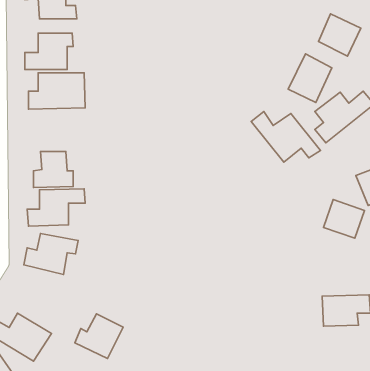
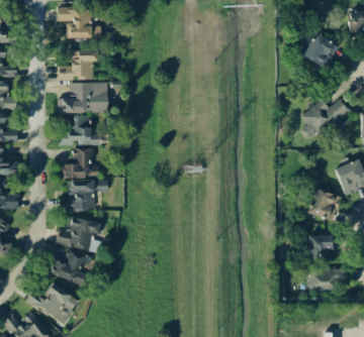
building: [288,54,332,102] -> none
building: [251,111,320,162] -> none
building: none -> [58,115,100,145]
building: none -> [308,235,334,261]
building: [75,314,123,359] -> [51,247,91,285]

